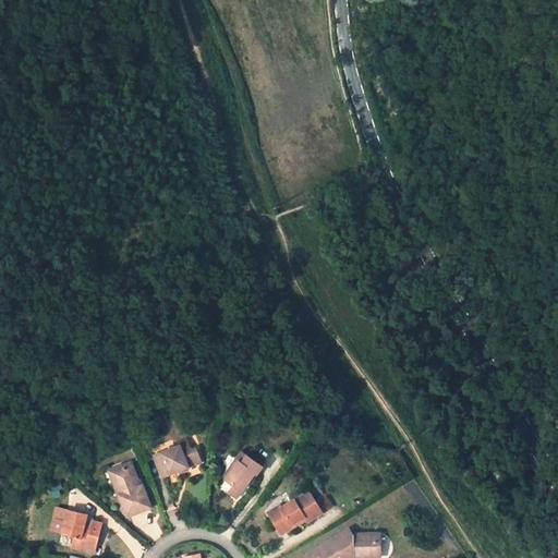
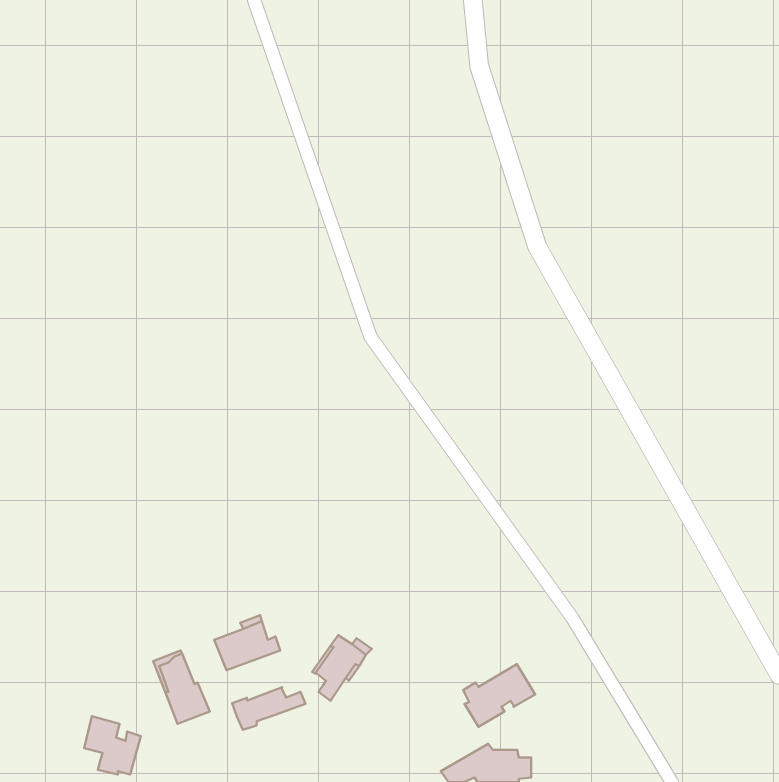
building: none -> [232,687,306,730]
building: [269,492,320,536] -> [463,664,535,727]

